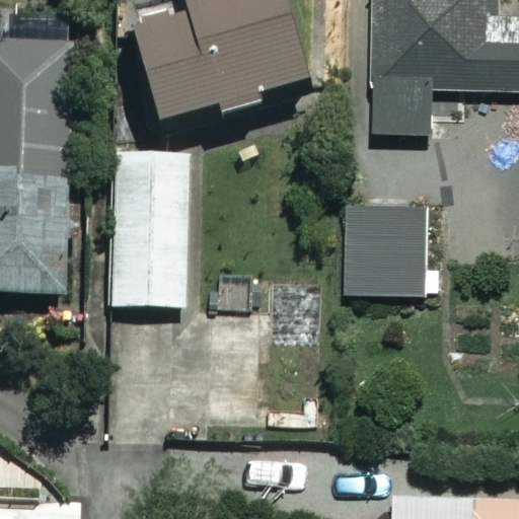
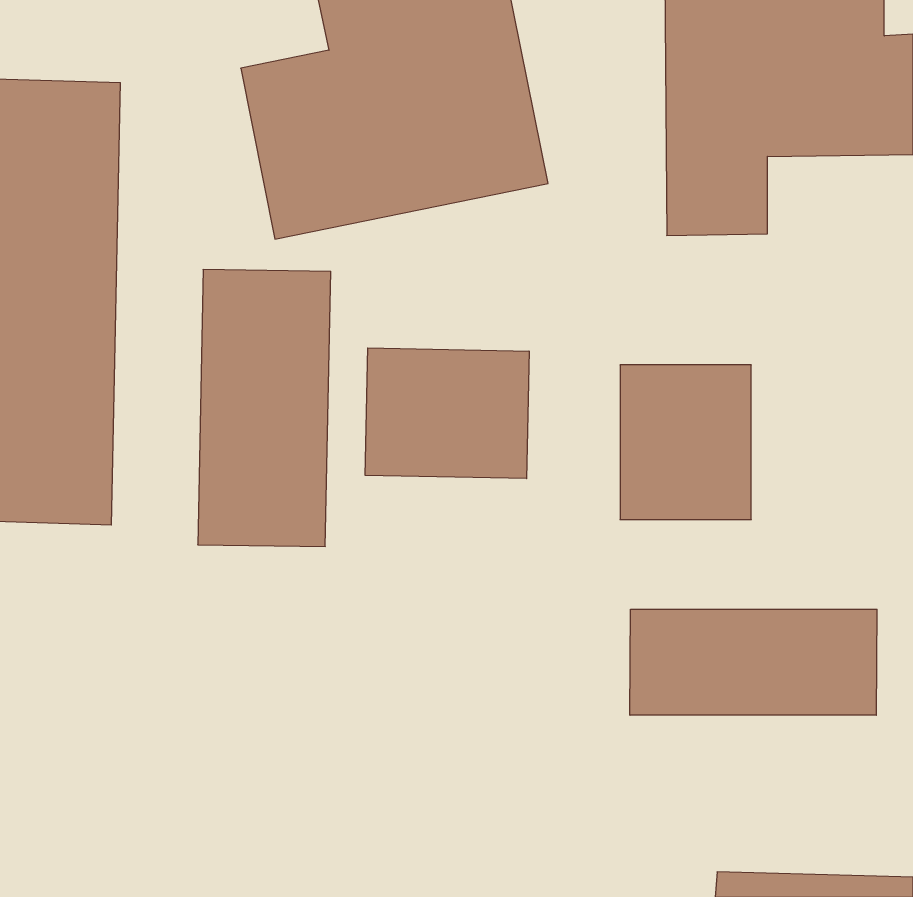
building: none -> [365,348,529,479]
building: none -> [630,609,877,715]

